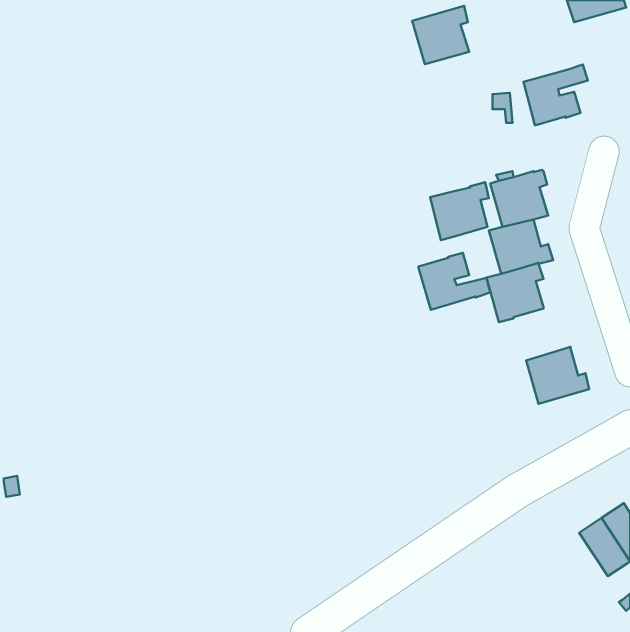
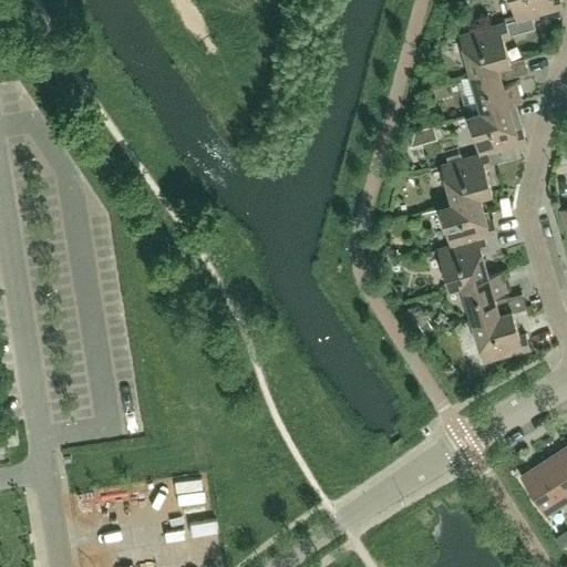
building: [412,6,469,64] -> [457,22,508,74]
building: none -> [466,105,524,155]
building: [430,182,489,240] -> none
building: [418,253,490,310] -> [460,272,524,323]

